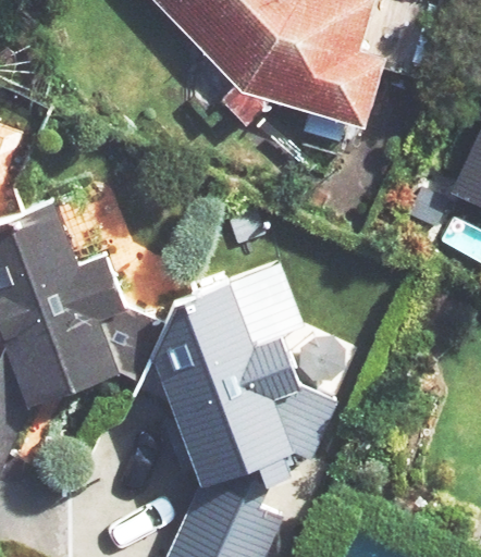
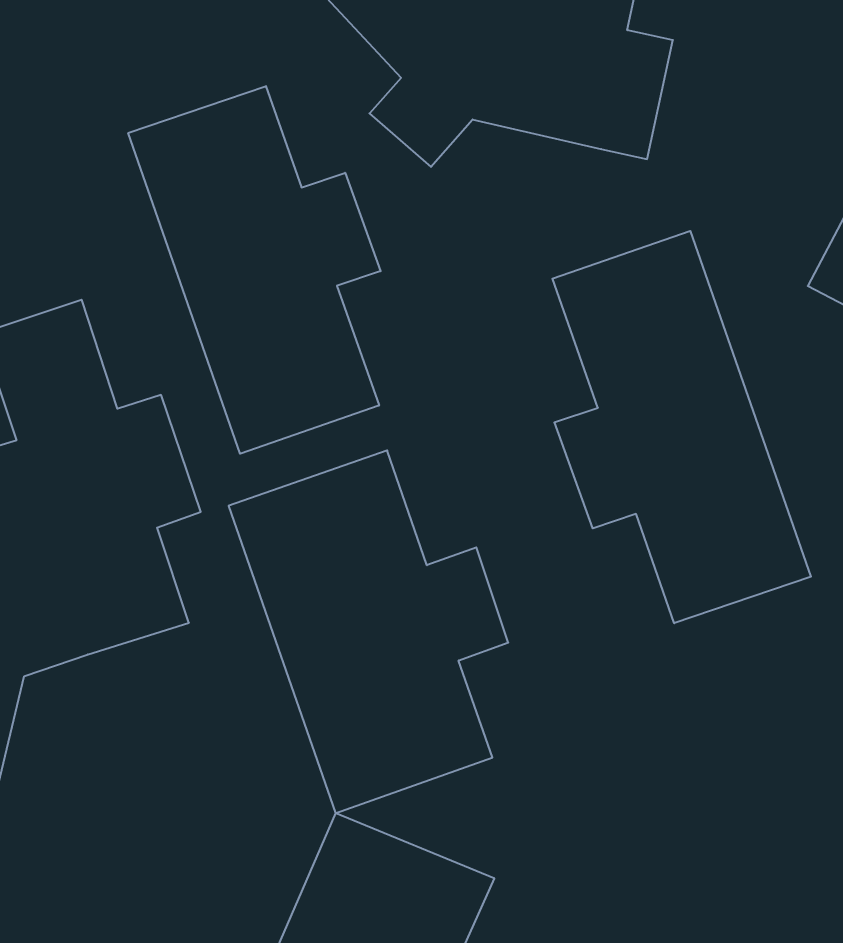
building: none -> [128,86,381,454]
building: none -> [552,231,811,623]

